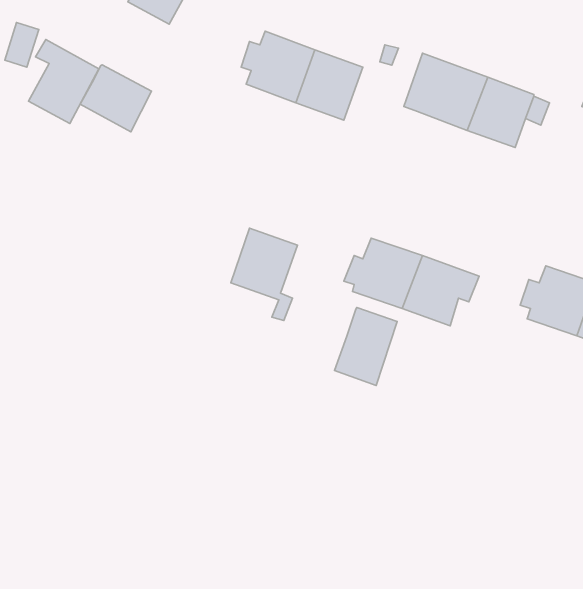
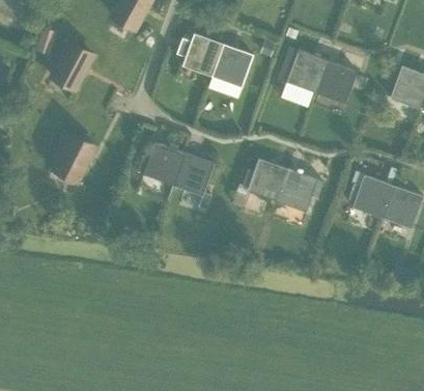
building: [80,65,152,132] -> none
building: none -> [53,132,94,181]
building: none -> [137,142,185,186]
building: [334,308,397,386] -> none

